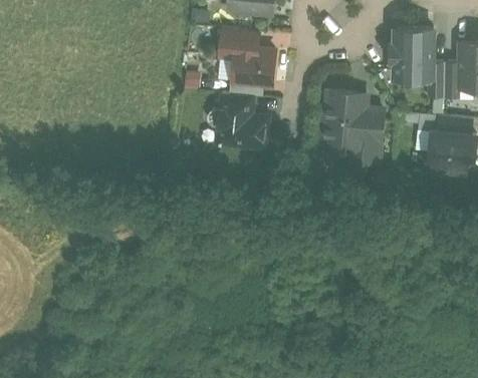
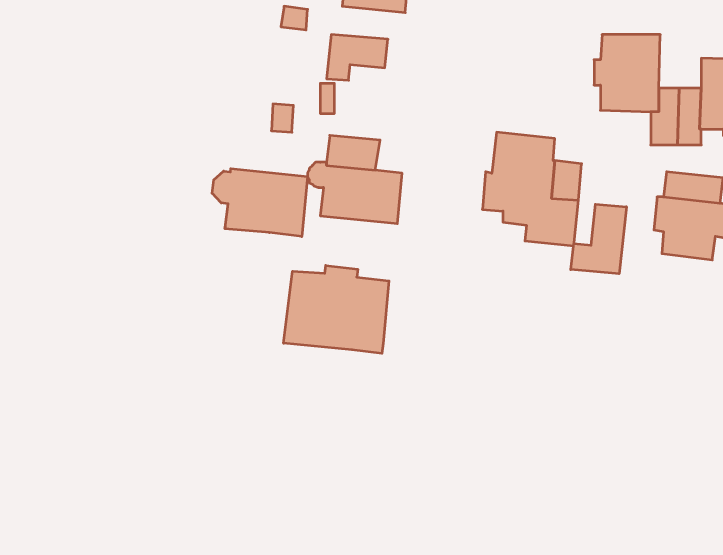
building: [232,46,275,83] -> none
building: none -> [212,169,308,237]
building: none -> [571,204,626,274]
building: none -> [284,265,389,353]

